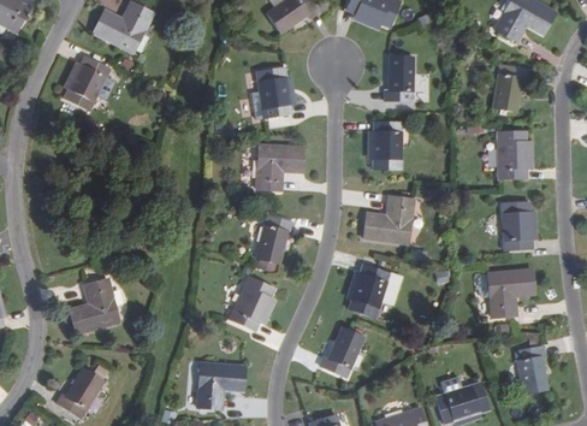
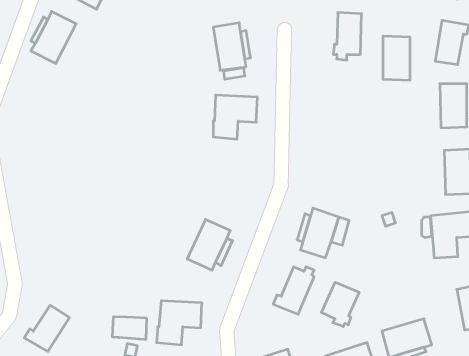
building: [373,122,402,168] -> [383,36,410,80]
building: [363,195,414,243] -> none
building: [256,214,294,264] -> none
building: [70,278,119,332] -> none
building: none -> [321,282,359,327]
building: none -> [112,317,146,340]

